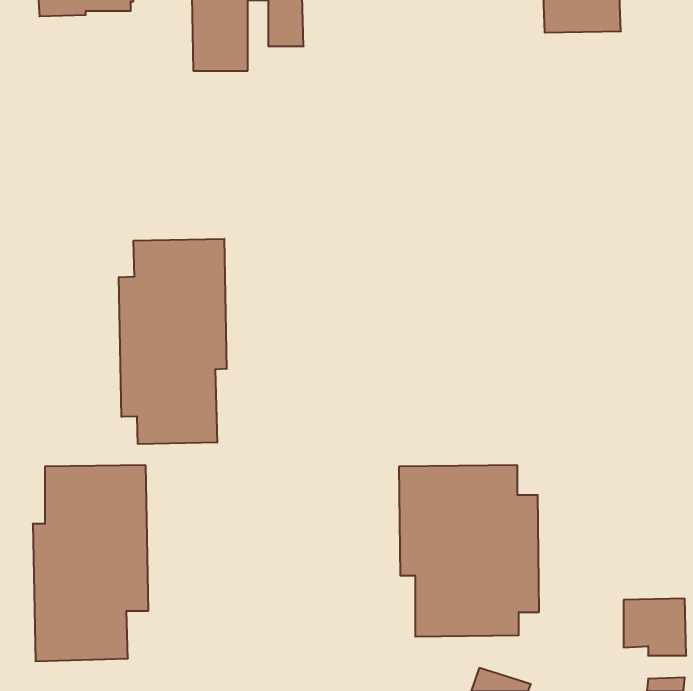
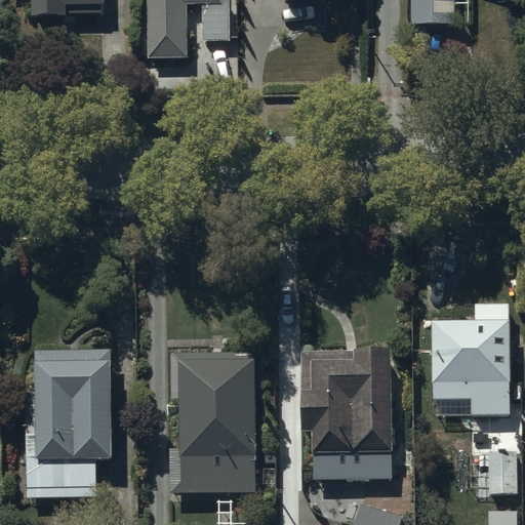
building: [119,239,227,444] -> none
building: none -> [432,304,510,416]
building: none -> [169,354,253,493]

